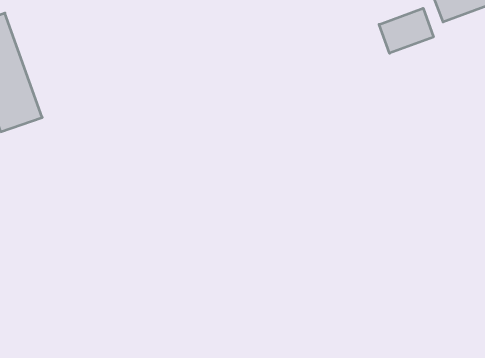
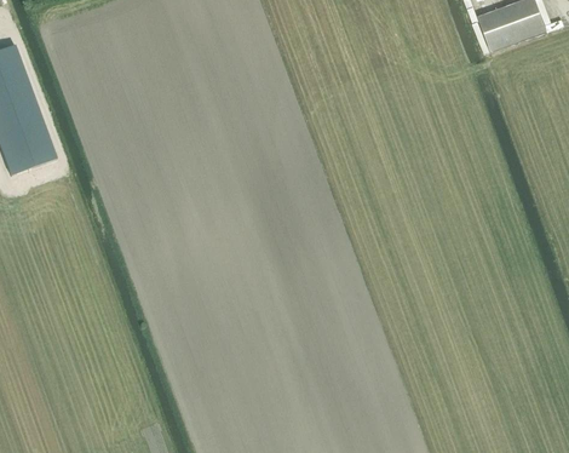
building: [379,8,433,53] -> none

